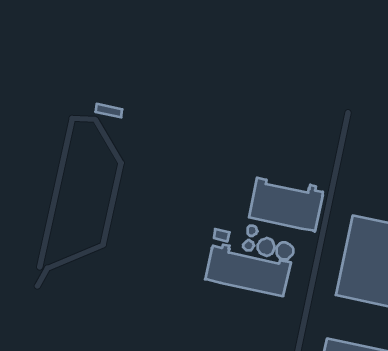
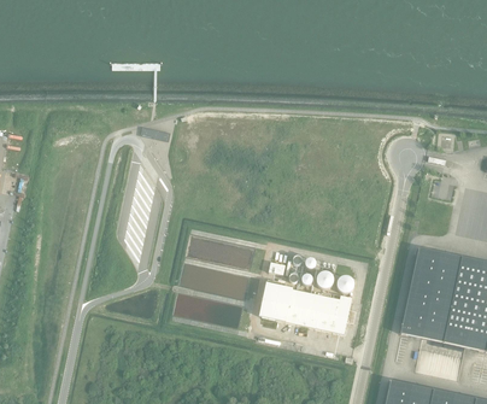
building: [249,178,323,232] -> none

